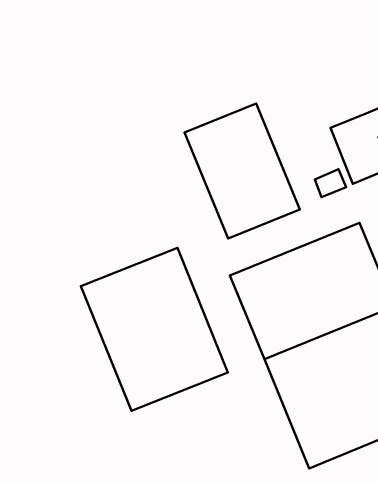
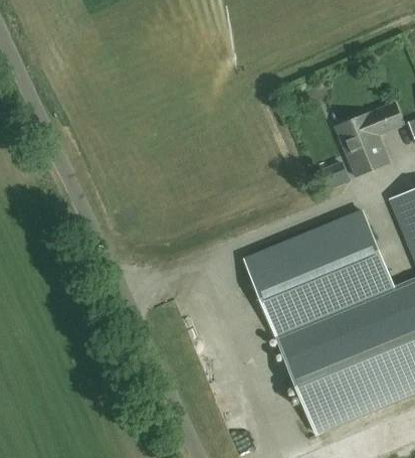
building: [184,103,300,238] -> none
building: [81,248,228,411] -> none

